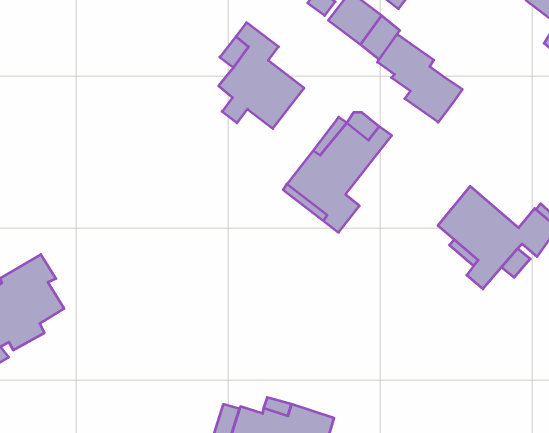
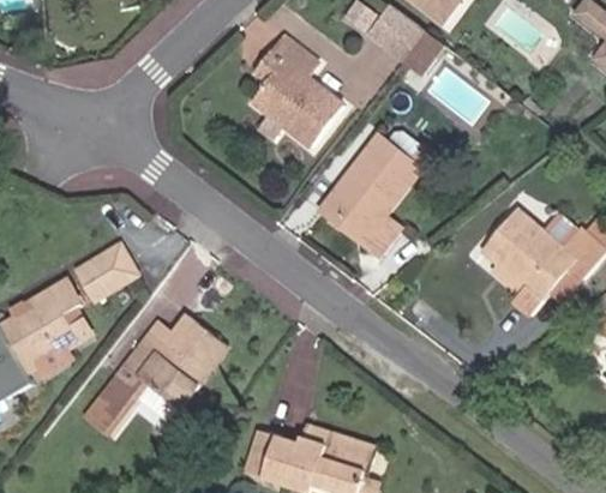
building: [377,34,462,122] -> none
building: none -> [76,244,137,300]
building: none -> [84,313,227,432]

